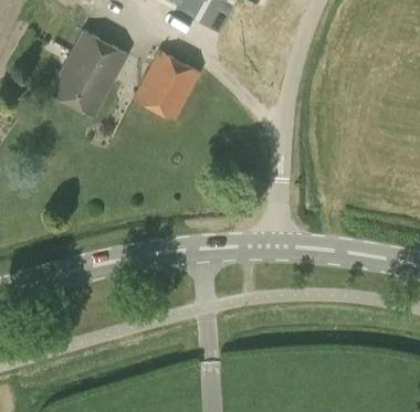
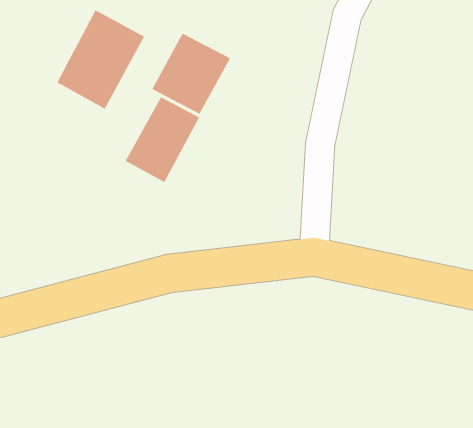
building: none -> [125,96,200,183]

